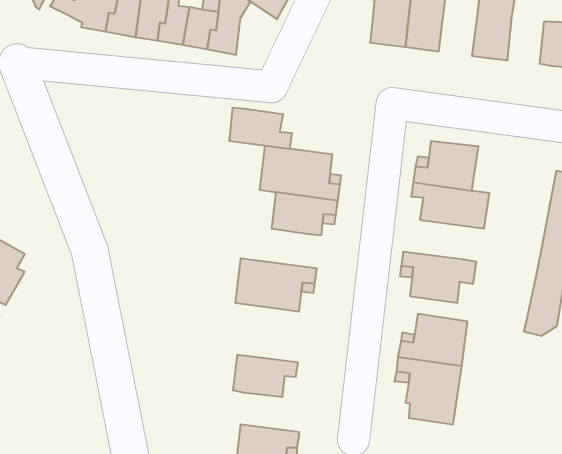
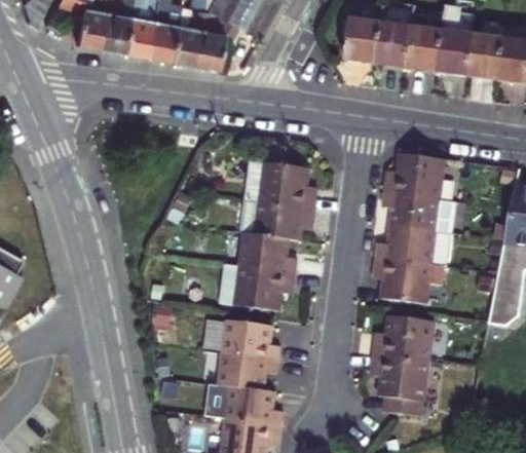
building: none -> [408,29,444,73]
building: none -> [472,37,505,80]
building: [229,108,292,149] -> [238,232,297,270]
building: none -> [375,225,450,264]
building: none -> [221,318,279,357]
building: none -> [224,385,280,422]

